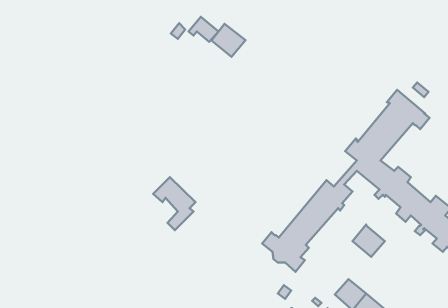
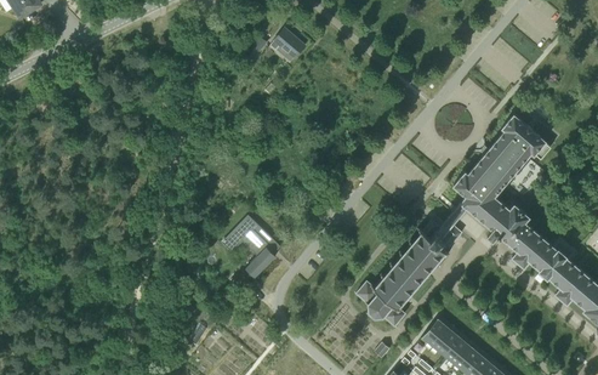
building: [212,24,245,57] -> none
building: [353,225,385,257] -> [420,316,457,353]

